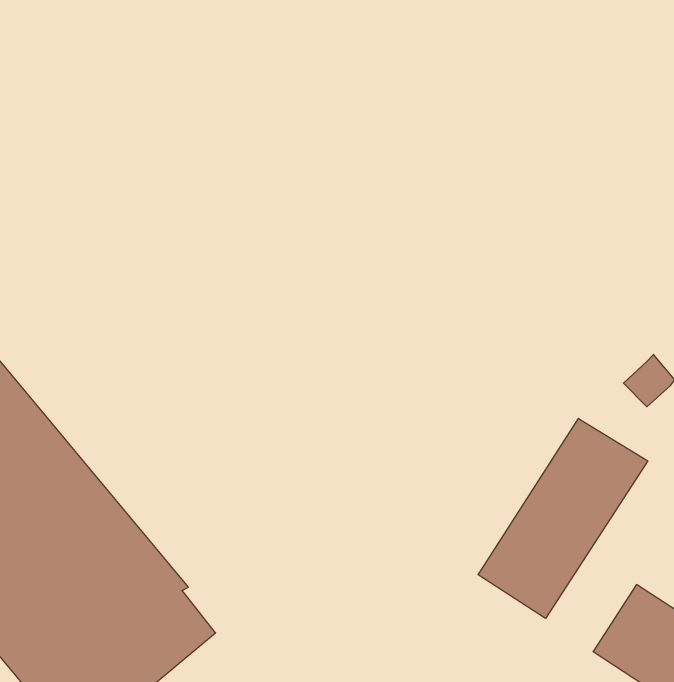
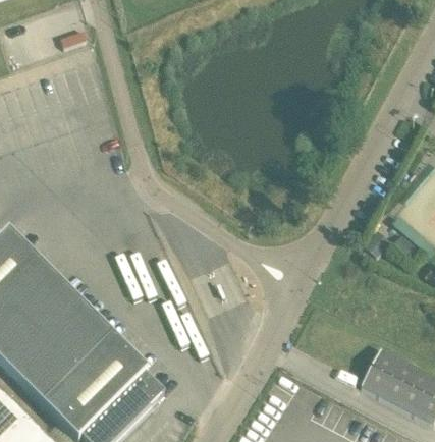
building: [478,418,648,618] -> none

